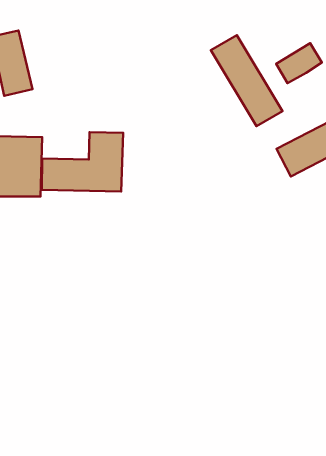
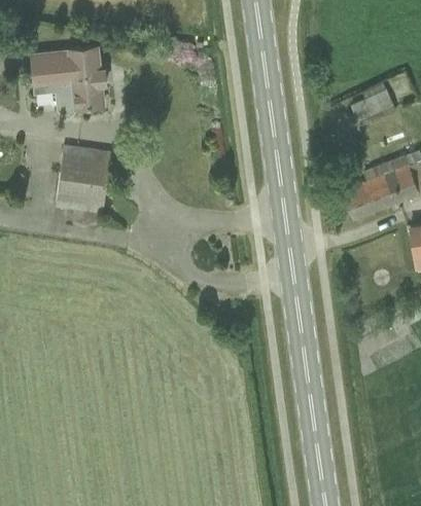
building: [211,35,283,126] -> none
building: [42,132,123,191] -> none

